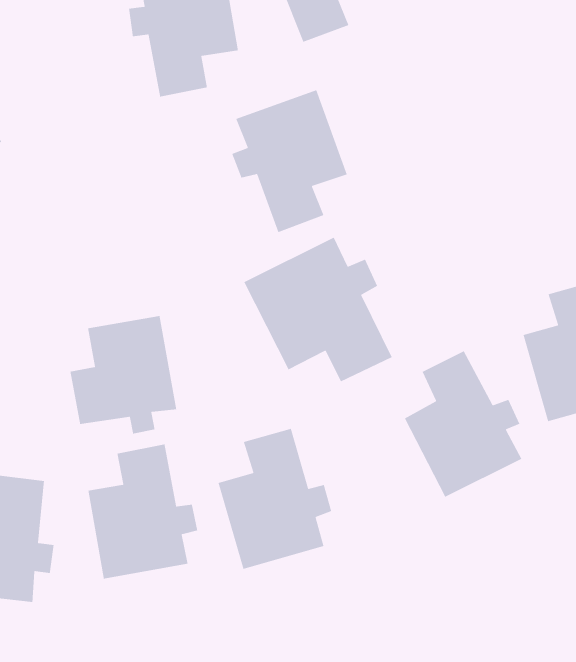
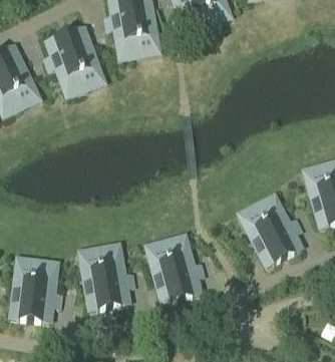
building: [231,89,348,233] -> [41,25,101,99]
building: [243,236,393,383] -> none
building: [70,315,177,435] -> none

